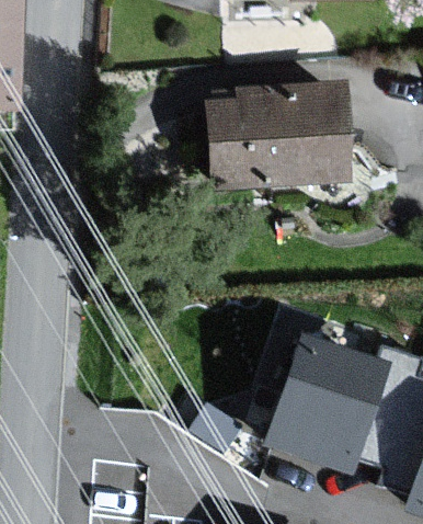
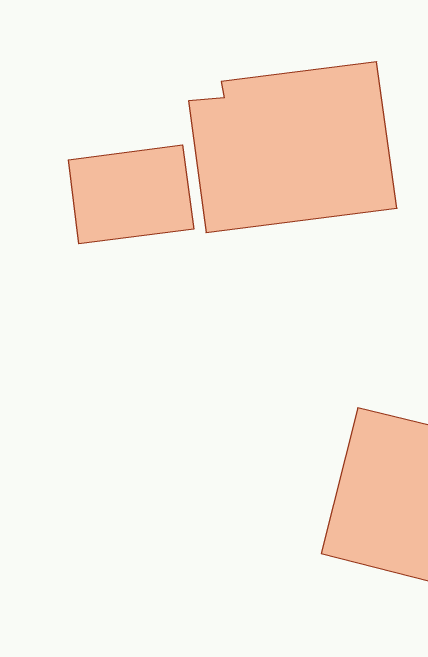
building: none -> [68,145,194,244]

